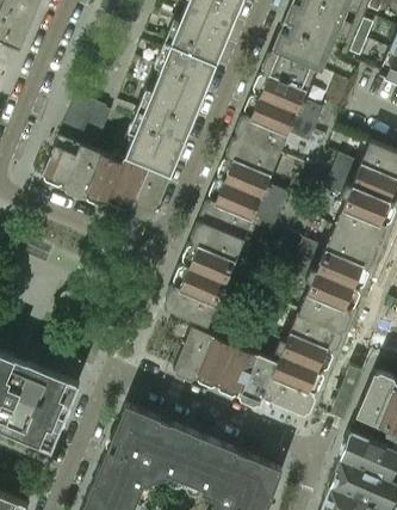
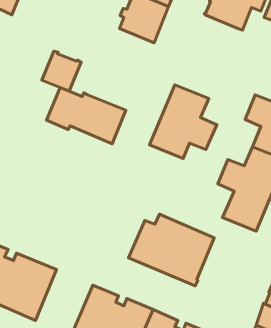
building: [234,51,323,161] -> none
building: [119,67,206,177] -> none
building: [42,137,83,190] -> none
building: [165,222,256,326] -> none
building: [262,318,340,417] -> none

